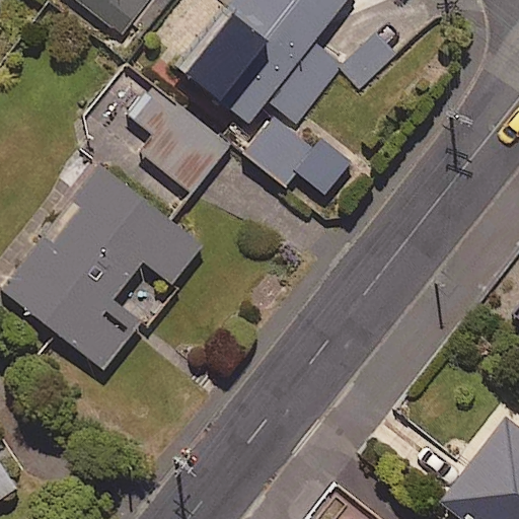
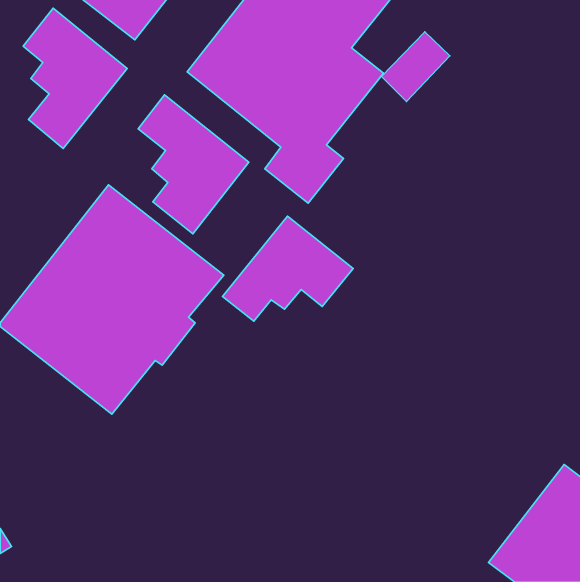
building: none -> [23,8,127,148]
building: none -> [223,216,353,321]

